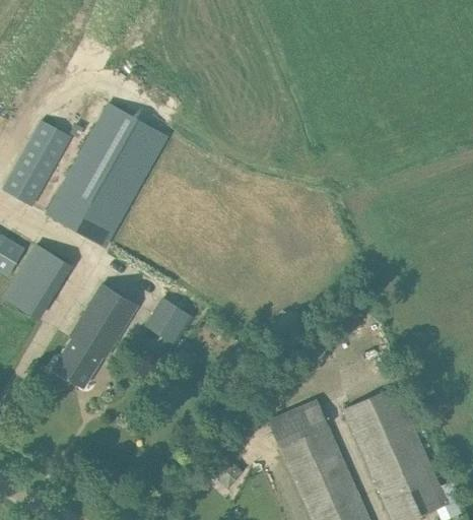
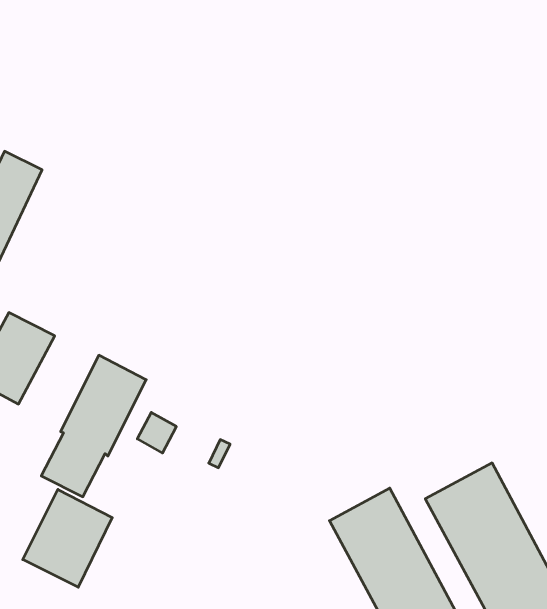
building: [48,101,168,245] -> none
building: [150,304,181,335] -> [137,412,176,453]
building: none -> [23,489,112,587]

